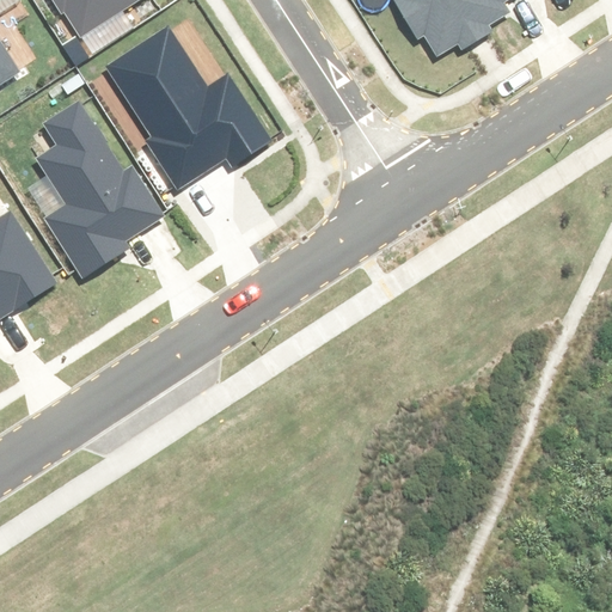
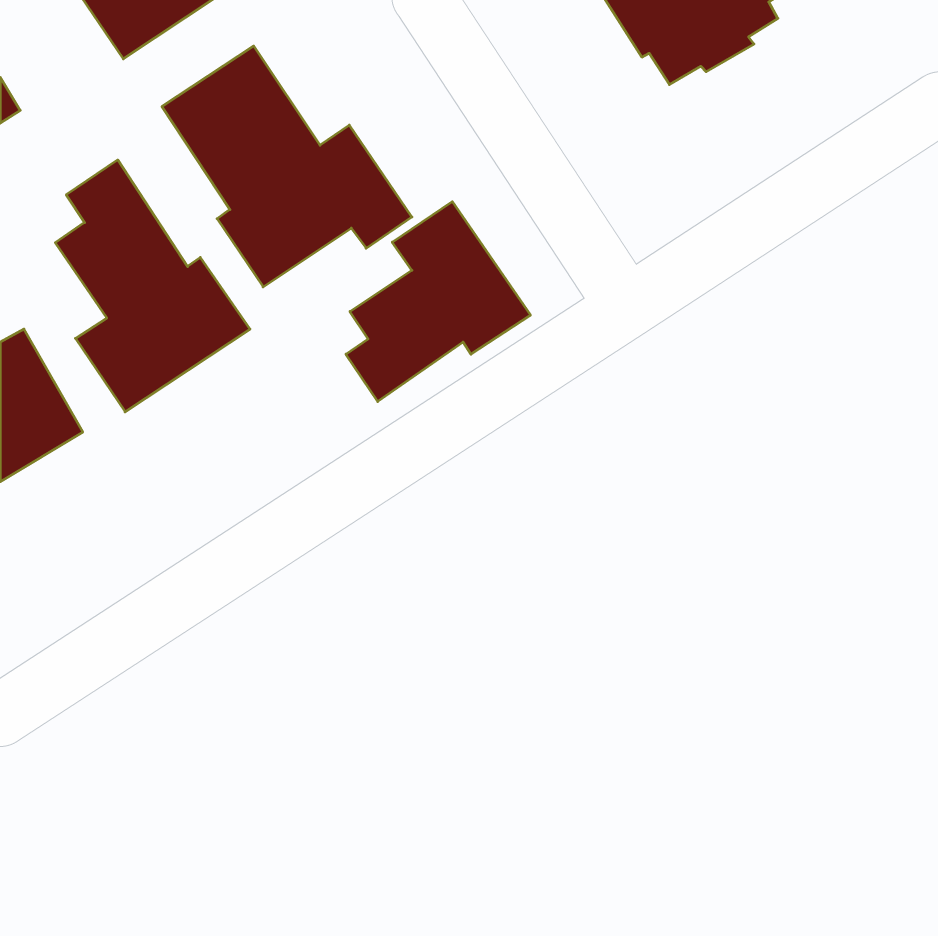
building: none -> [346,202,530,402]

